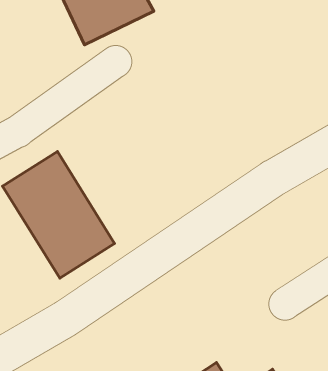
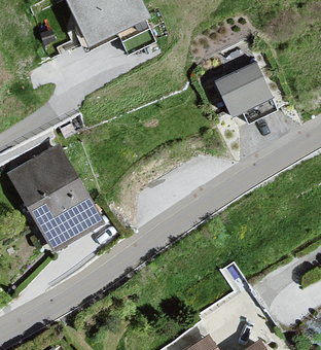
building: none -> [214,59,272,116]

